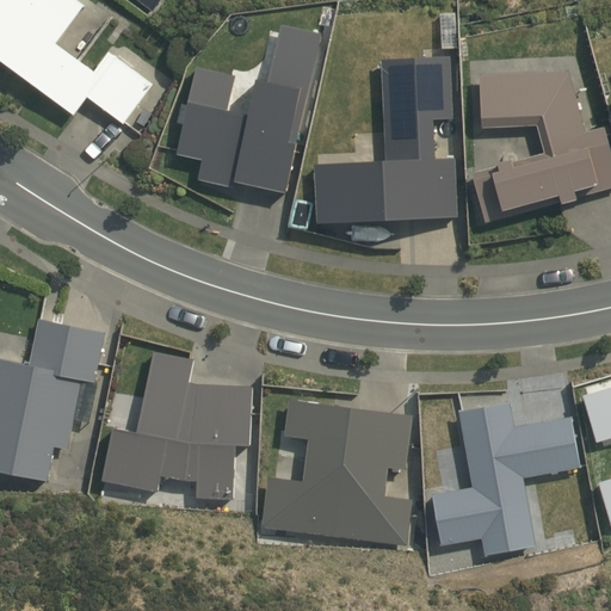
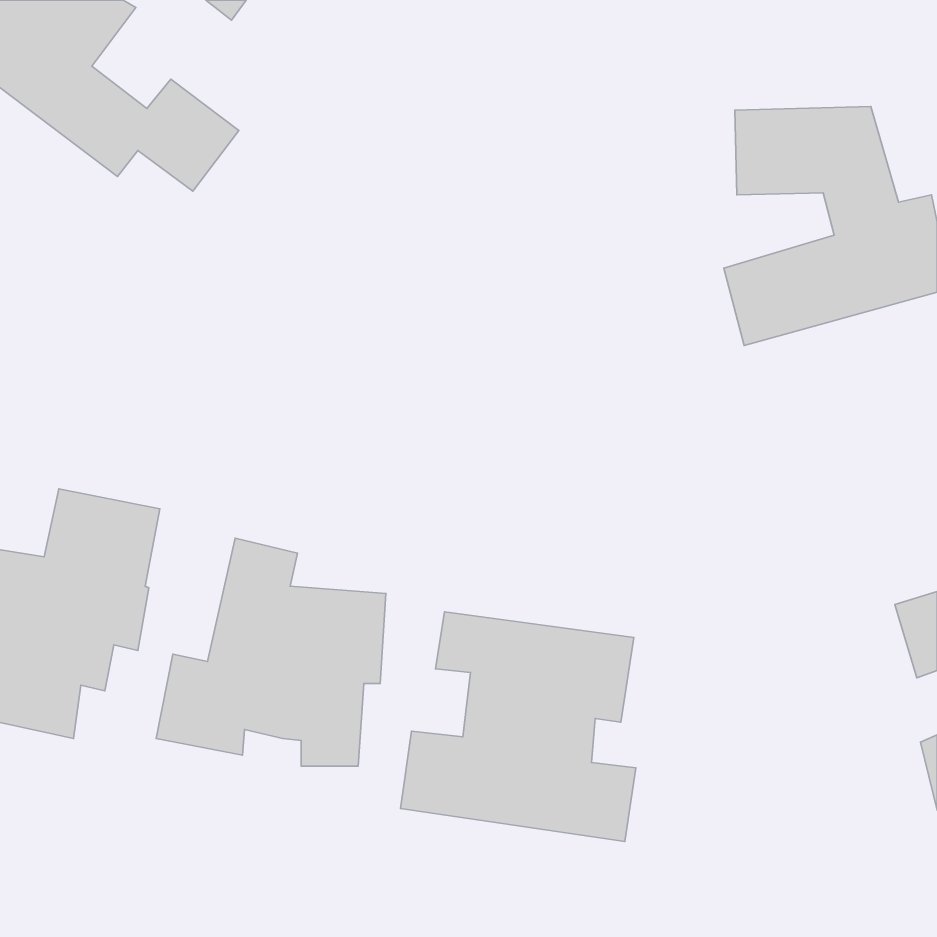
building: [174,26,320,195] -> none
building: [311,57,457,226] -> none
building: [430,401,579,556] -> none

